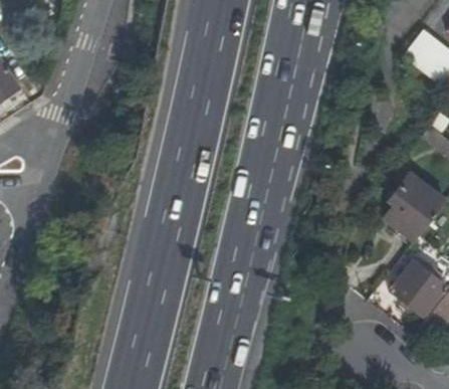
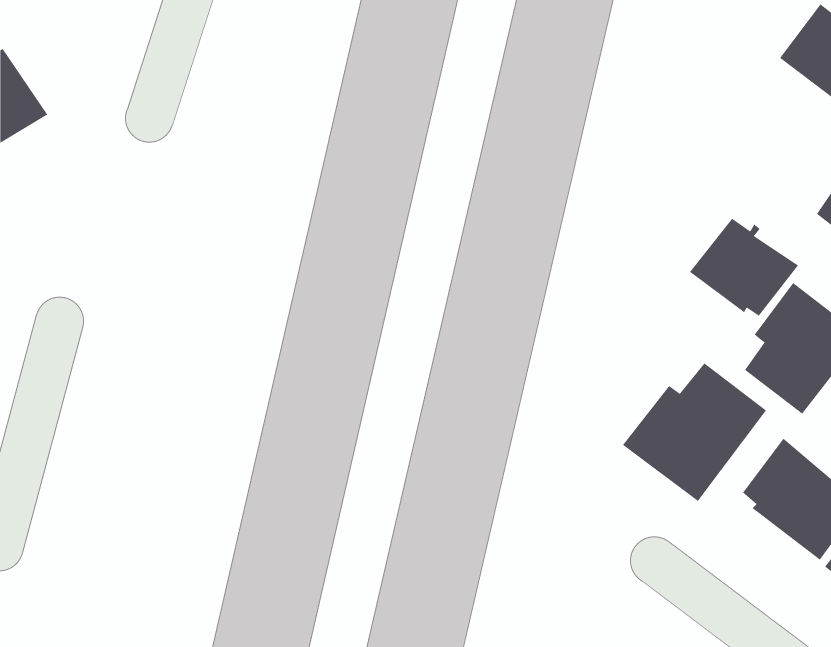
building: none -> [689,218,799,317]
building: none -> [622,363,767,502]

